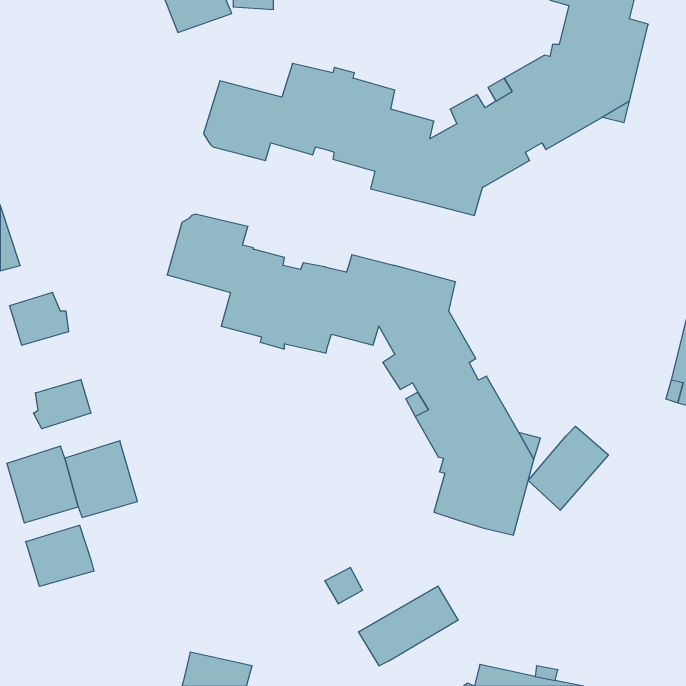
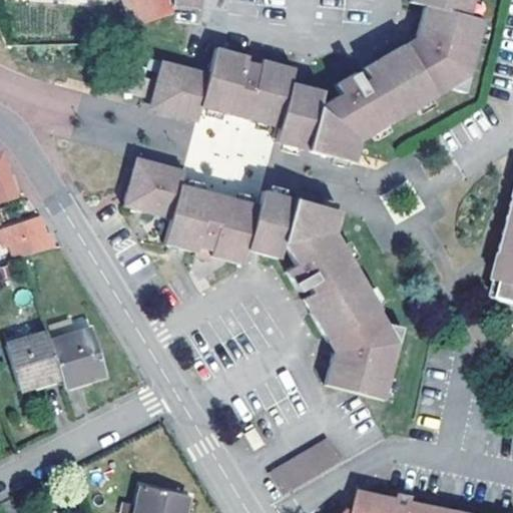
building: [33,379,91,429] -> none
building: [528,426,608,510] -> none
building: [26,525,94,586] -> none

